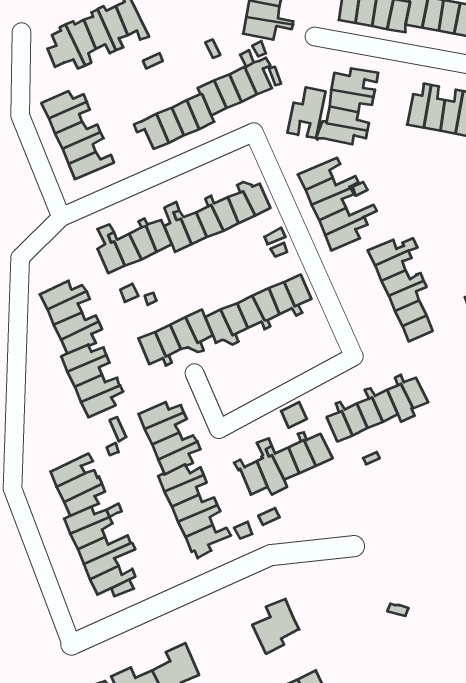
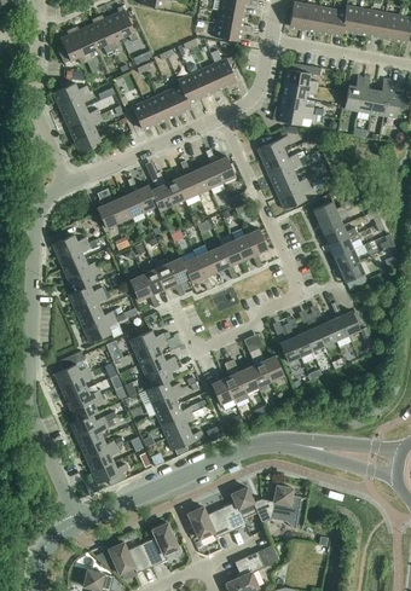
building: [287,87,325,138] -> none
building: none -> [53,352,89,387]
building: none -> [253,486,300,529]
building: none -> [187,508,231,539]

